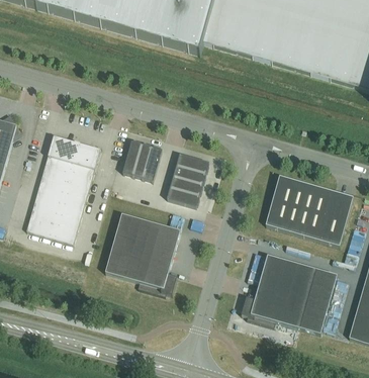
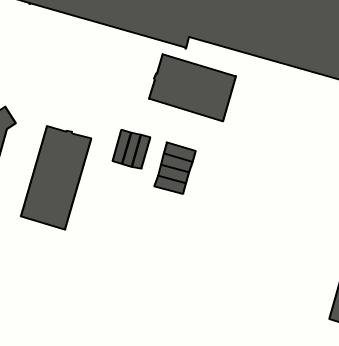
building: none -> [149,54,236,121]
building: [266,179,352,244] -> none
building: [106,211,181,293] -> none
building: [242,253,338,332] -> none

